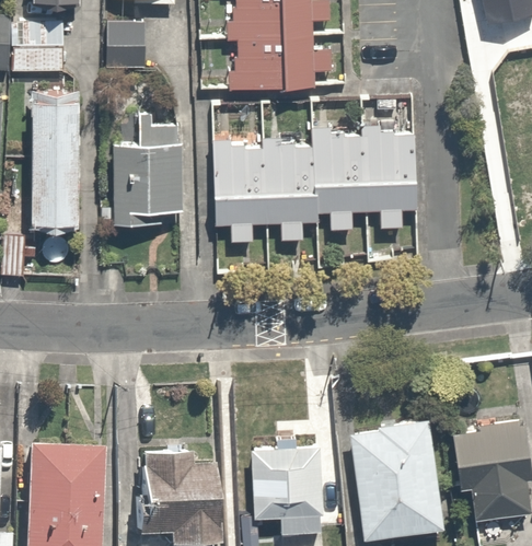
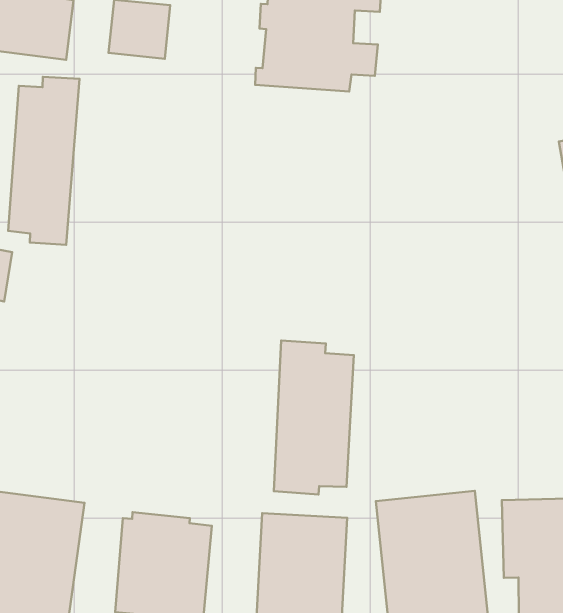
building: [109,124,188,225] -> none
building: [211,129,420,246] -> none
building: none -> [274,341,354,494]

